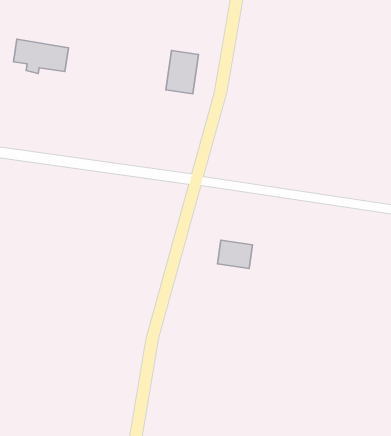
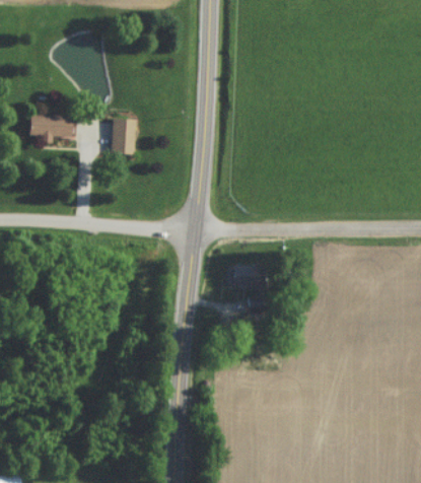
building: [166,51,198,94] -> [113,118,137,153]

